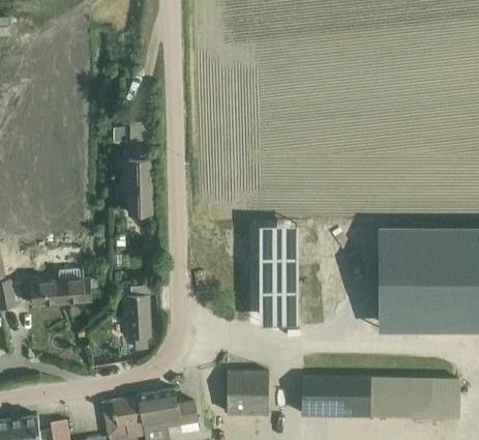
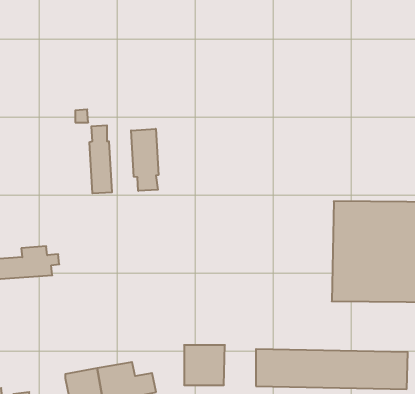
building: none -> [131,129,158,191]
building: [257,229,296,327] -> none
building: [126,288,150,349] -> none

